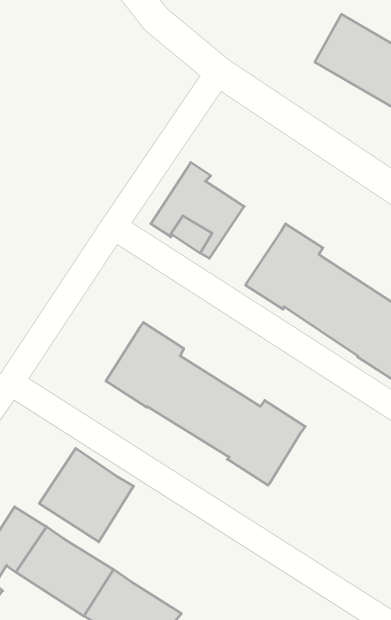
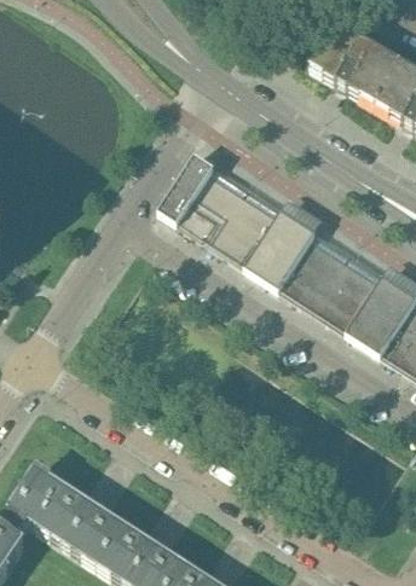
building: none -> [213,193,278,262]
building: [106,322,305,485] -> none
building: [39,448,134,542] -> none

